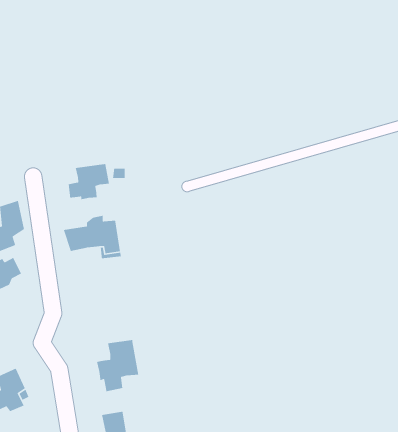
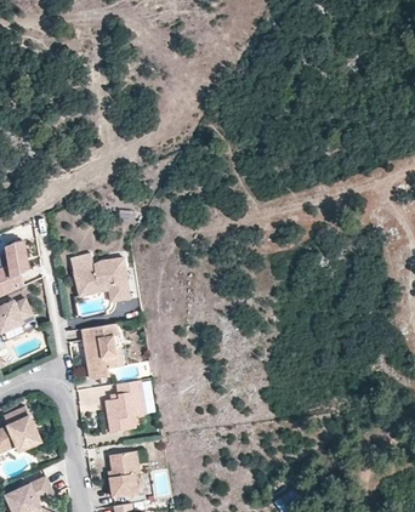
building: [68,163,110,200] -> none
building: none -> [85,324,120,379]

